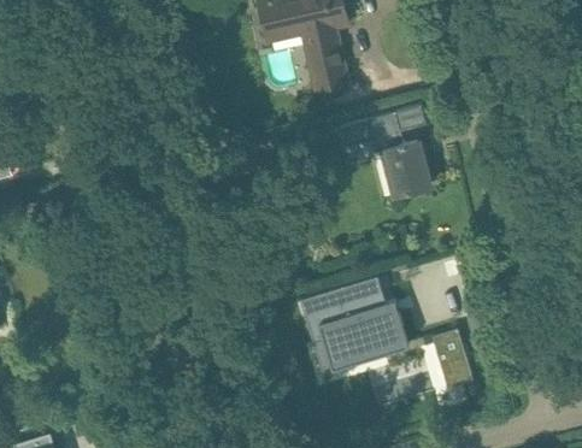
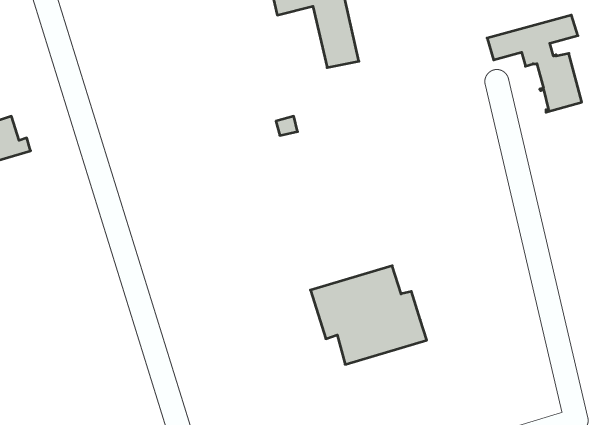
building: [340,106,429,198] -> [487,15,582,112]
building: [429,331,470,390] -> none

